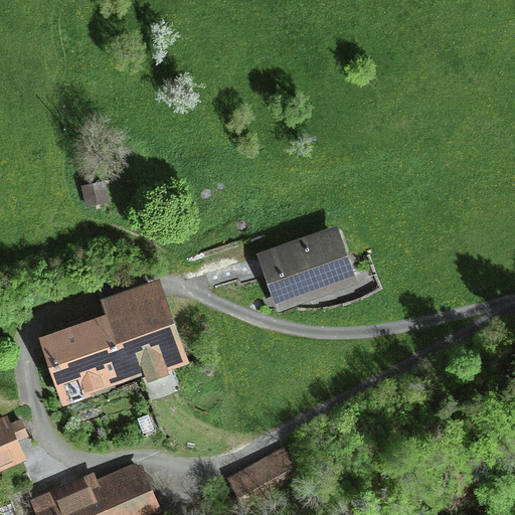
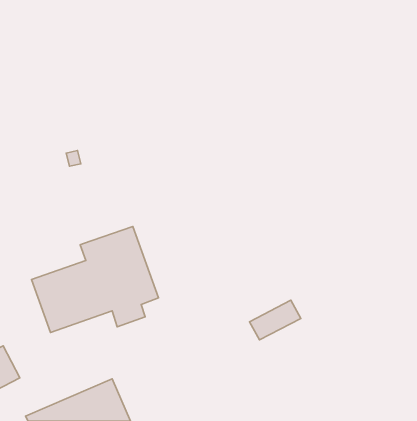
building: [256,225,356,312] -> none
building: [227,450,290,498] -> [250,300,301,340]

